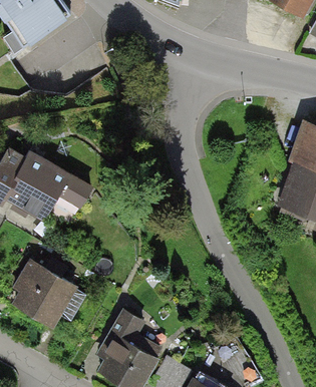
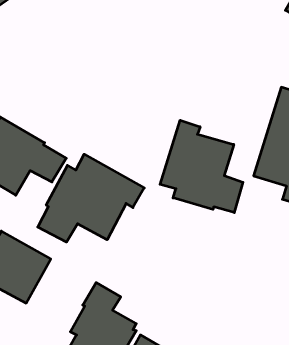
building: none -> [160,120,243,213]
building: none -> [38,154,144,242]

